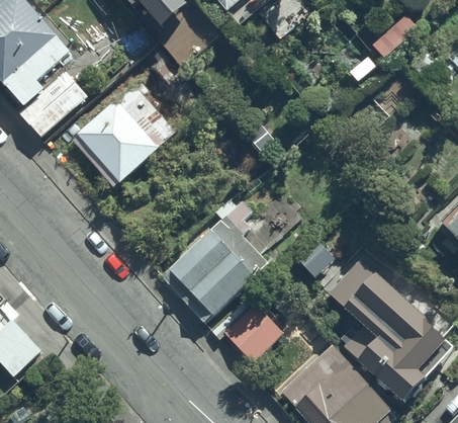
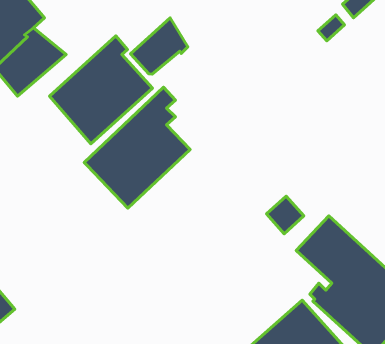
building: none -> [130,18,188,74]
building: [160,196,268,320] -> [84,87,190,208]
building: [225,304,286,364] -> none

